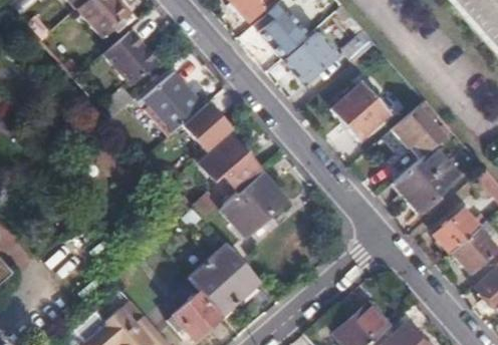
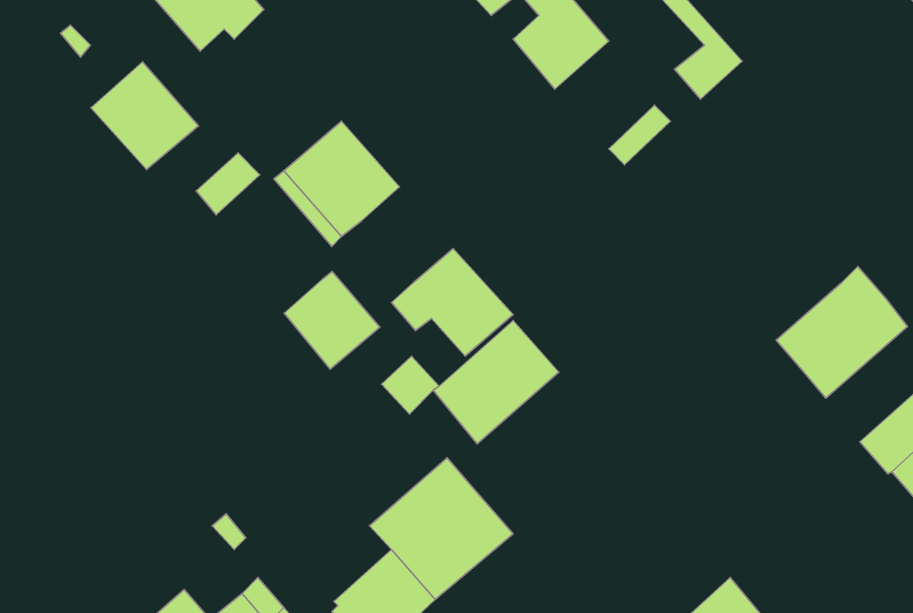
building: [104,31,159,85] -> [91,62,198,170]
building: [286,32,339,85] -> none
building: [332,80,391,138] -> none
building: [394,99,447,154] -> none
building: [185,102,233,151] -> [284,271,380,369]

